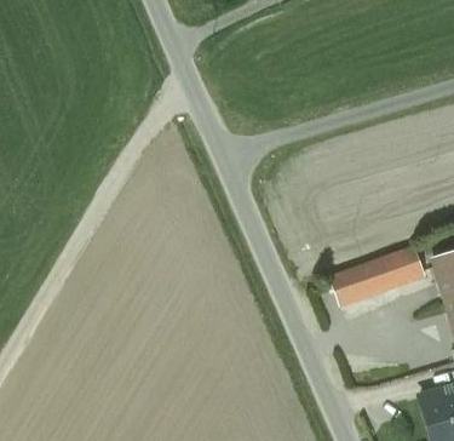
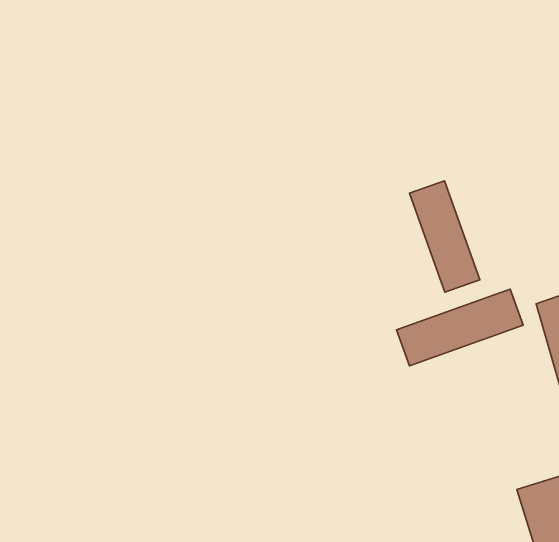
building: none -> [410,181,480,292]

